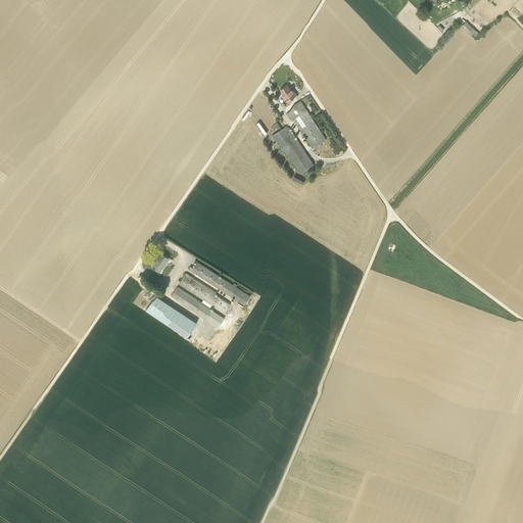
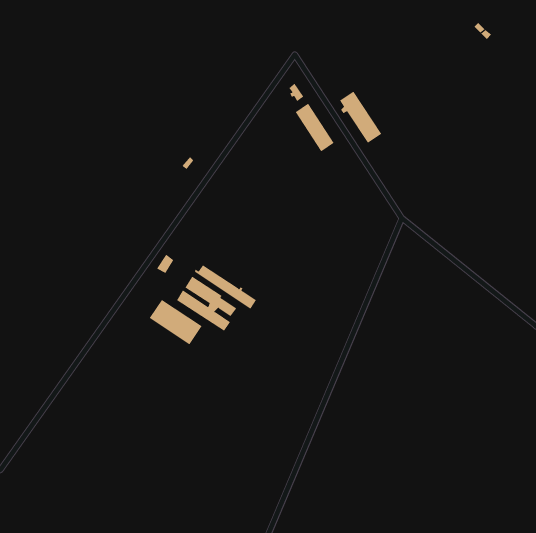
building: [272,125,314,176] -> [339,91,382,143]

